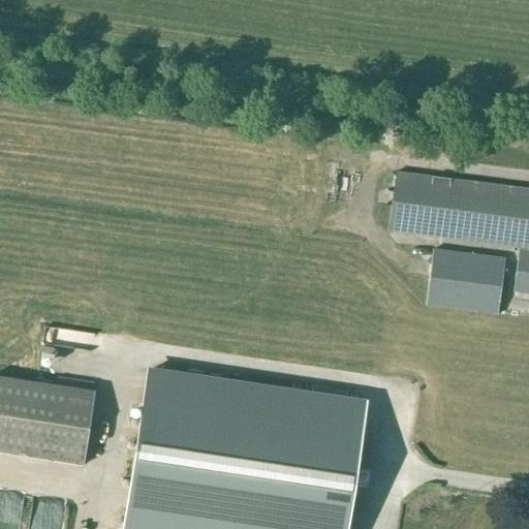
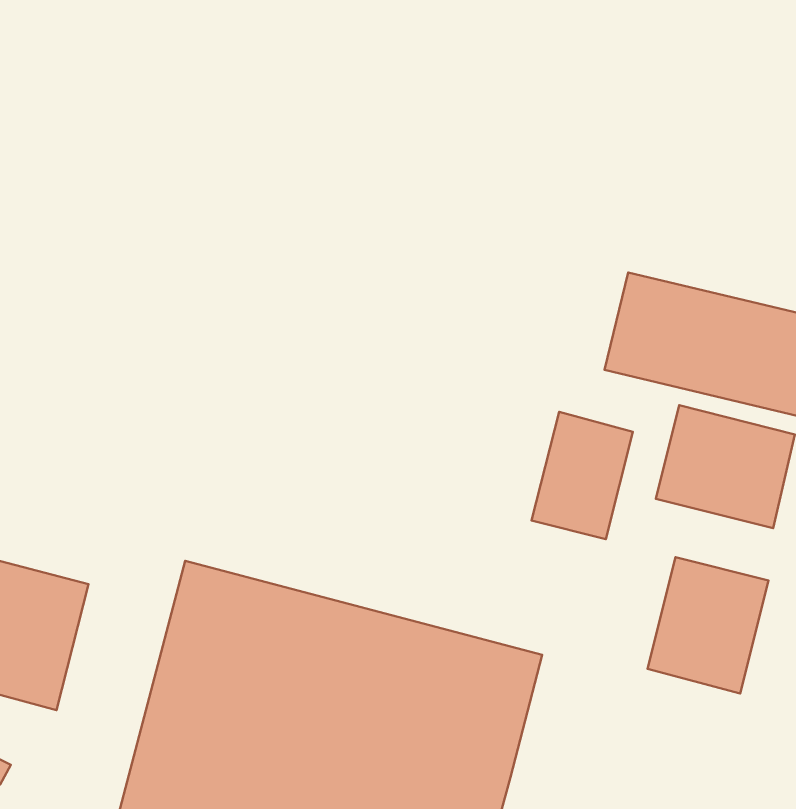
building: none -> [532,412,633,539]
building: none -> [648,557,768,694]

